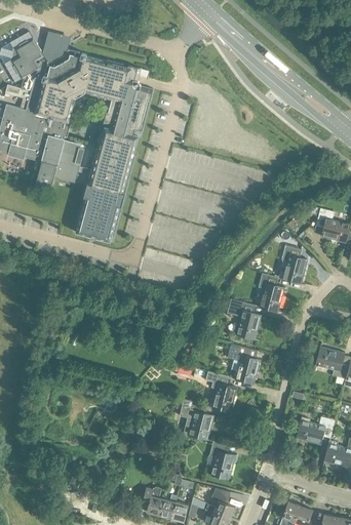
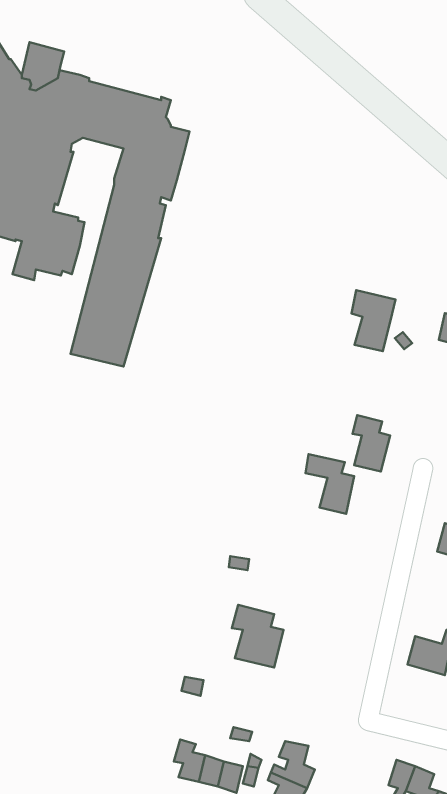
building: [280,244,309,284] -> [351,290,395,351]
building: [229,344,259,383] -> none
building: [205,372,236,412] -> none
building: [208,441,236,480] -> none

